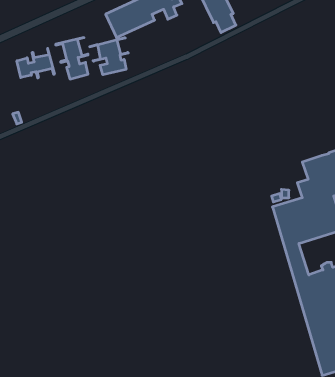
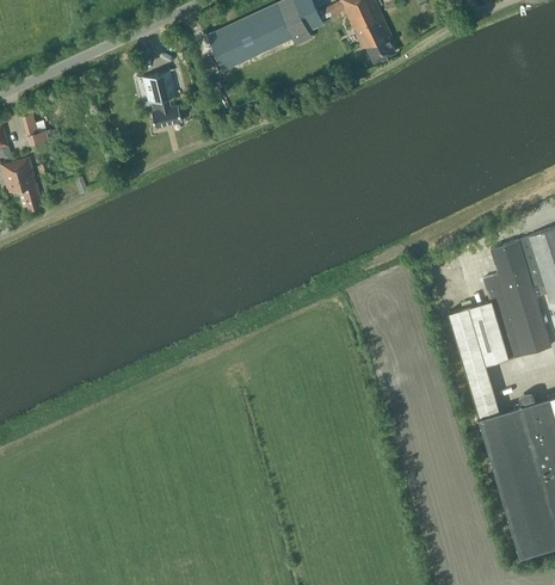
building: [90,38,128,75] -> none
building: [17,48,54,78] -> none

